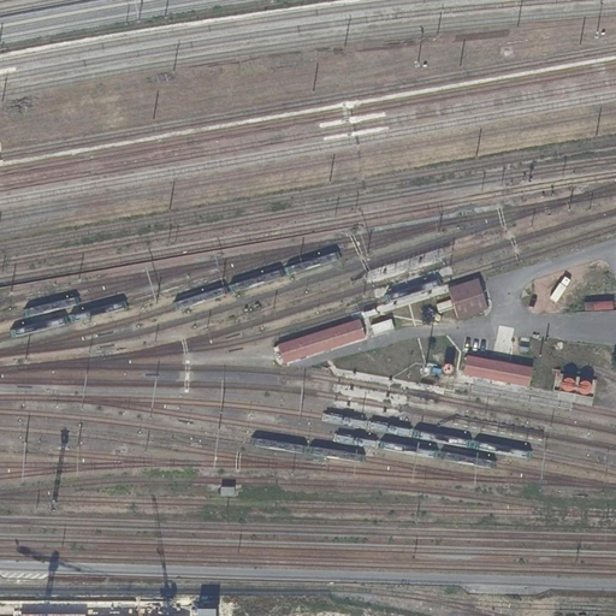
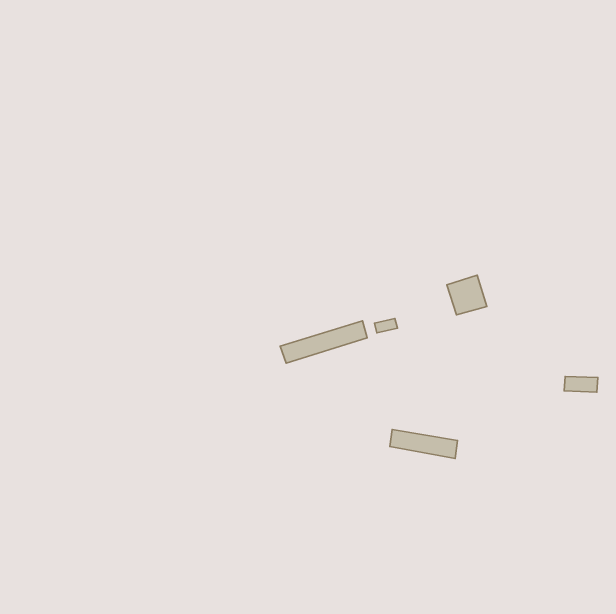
building: [461,355,528,384] -> [390,430,457,458]

